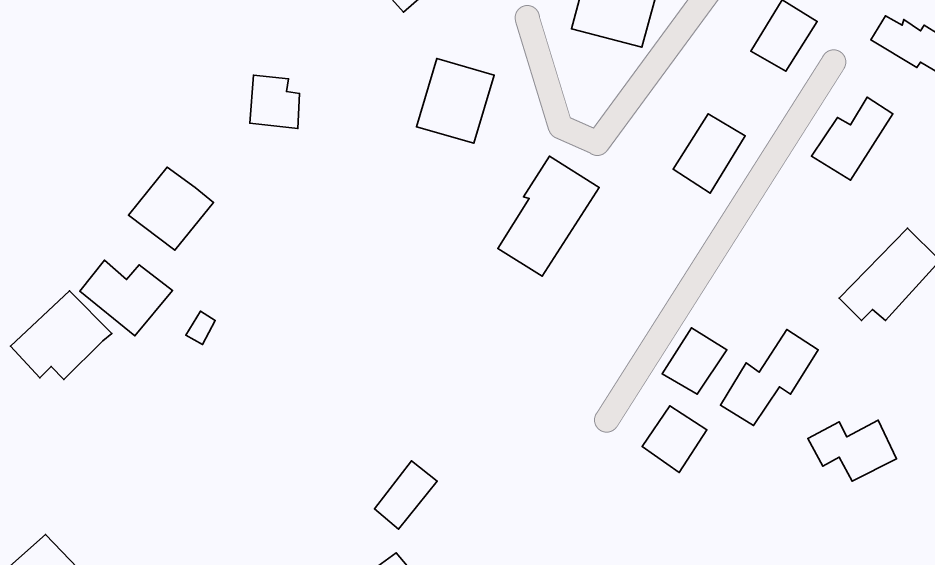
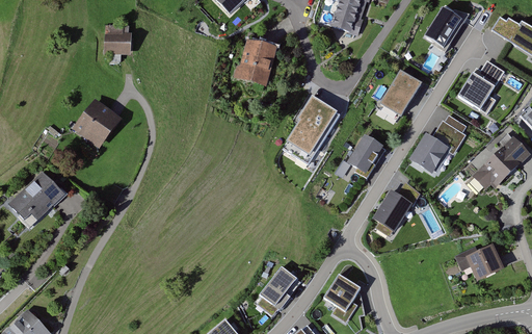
building: [250,75,300,129] -> [104,25,132,55]
building: none -> [349,135,380,170]
building: [80,260,172,336] -> none
building: [720,330,818,426] -> [413,115,468,170]
building: [642,406,707,472] -> [323,274,360,311]
building: [375,461,437,529] -> [260,266,295,305]

